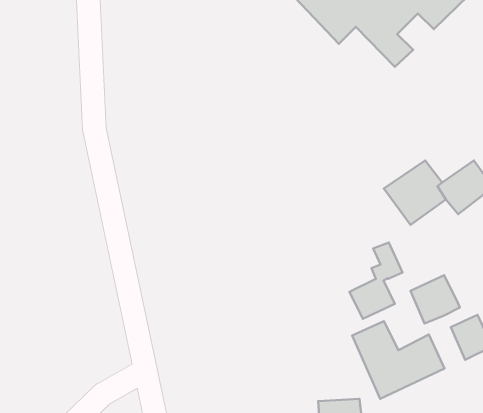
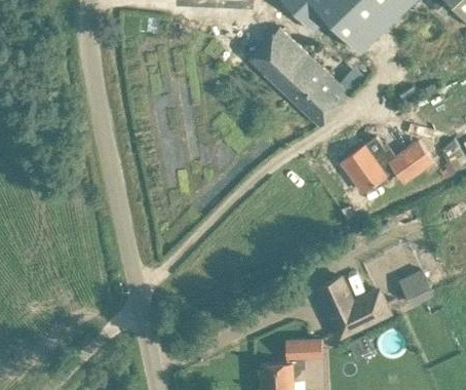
building: none -> [250,27,351,125]
building: [350,242,403,319] -> none
building: [411,275,460,323] -> none

